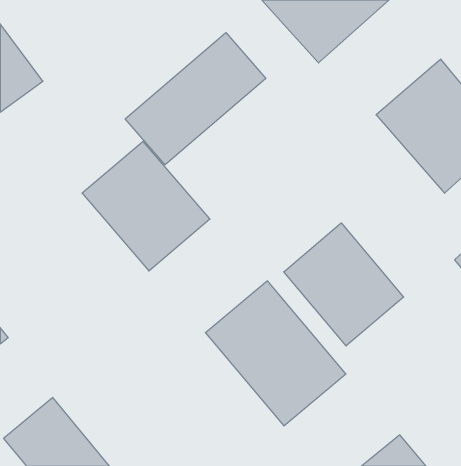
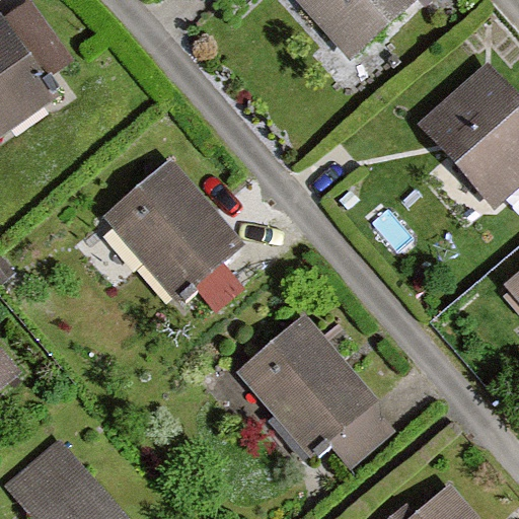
building: [125,33,266,165] -> none
building: [284,223,404,346] -> none

